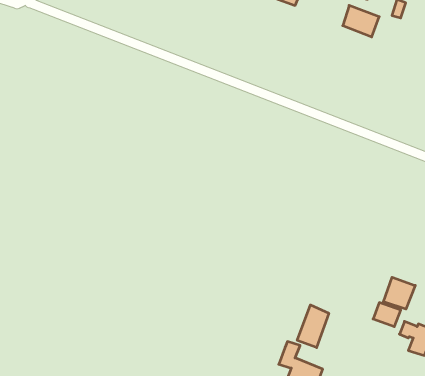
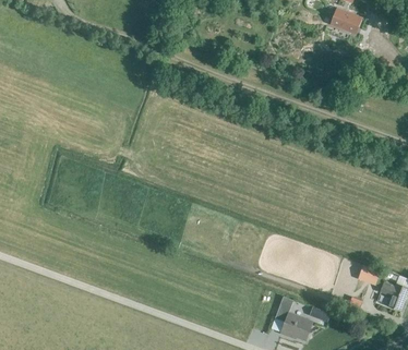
building: [383,277,415,309] -> none
building: [297,305,329,348] -> none

